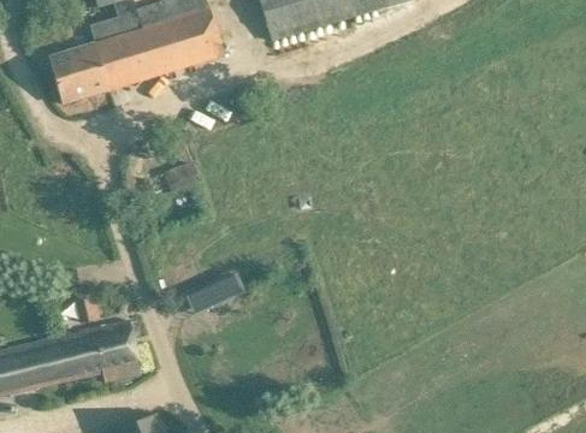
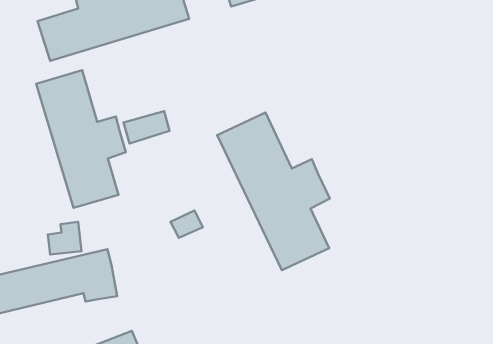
building: none -> [36,70,126,208]
building: none -> [217,112,330,270]

